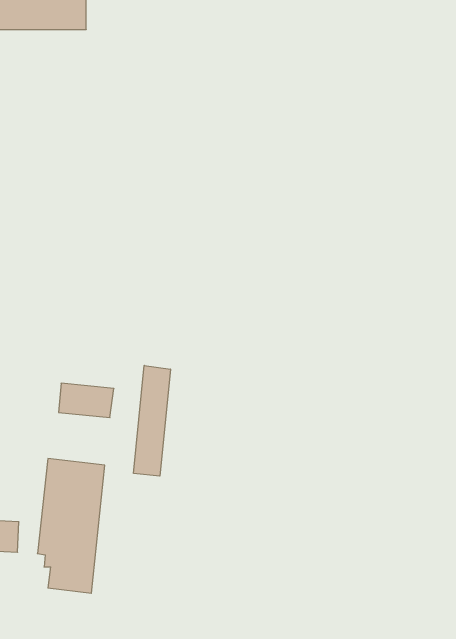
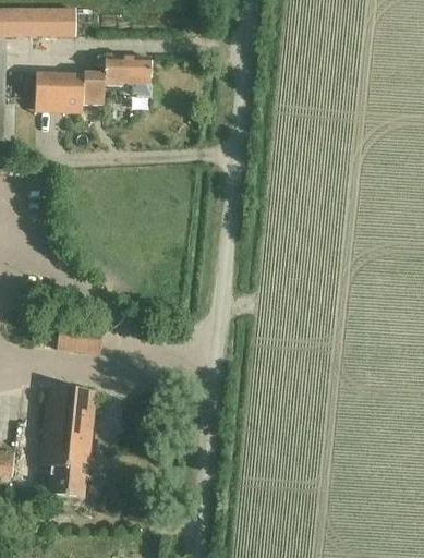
building: none -> [34,54,149,105]
building: [134,365,170,476] -> none

